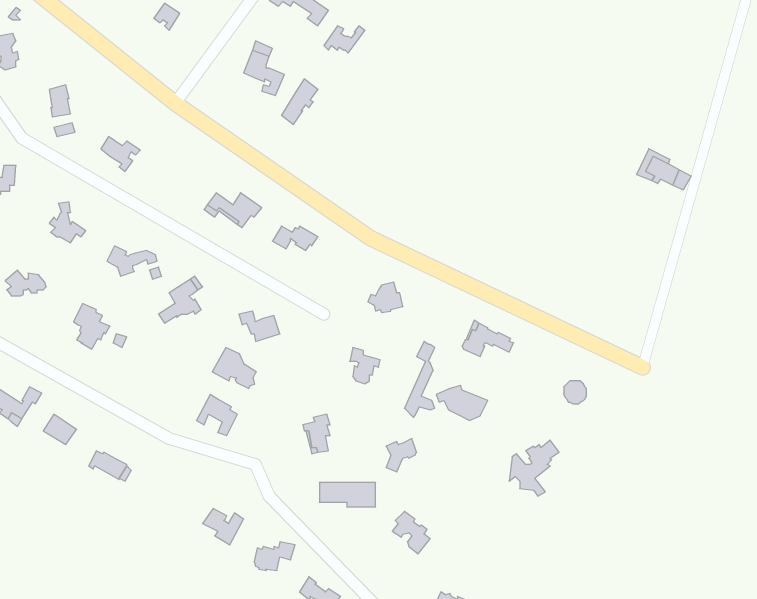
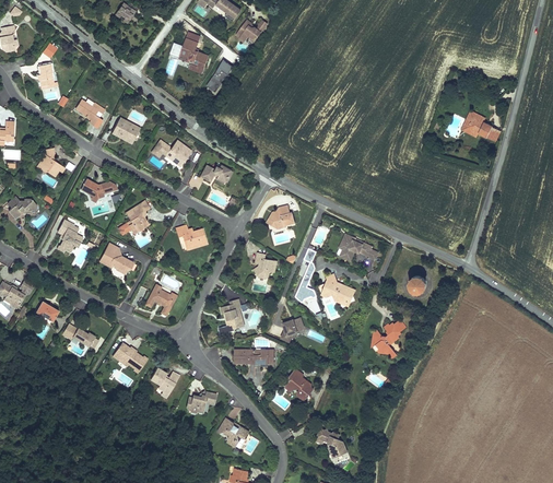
building: none -> [111,117,141,145]
building: [212,348,256,389] -> [99,244,131,273]
building: none -> [113,343,148,373]

